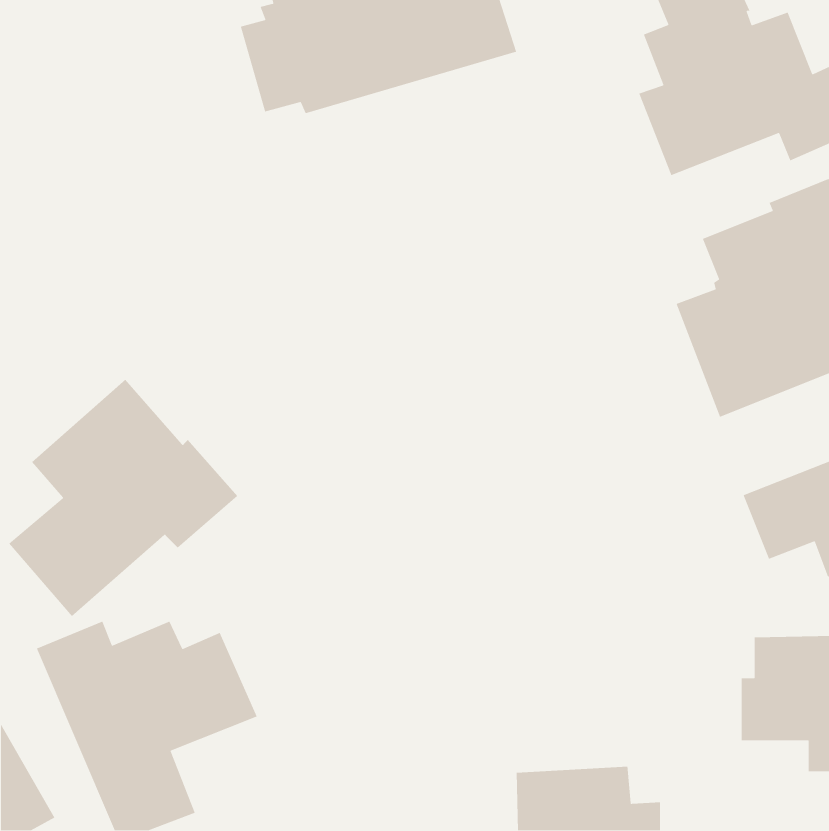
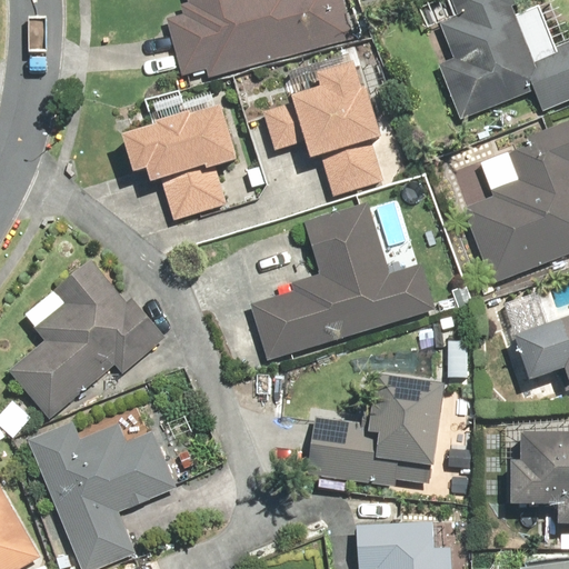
building: none -> [287,62,386,197]
building: none -> [117,106,234,221]
building: none -> [251,201,437,360]
building: none -> [306,376,442,486]

